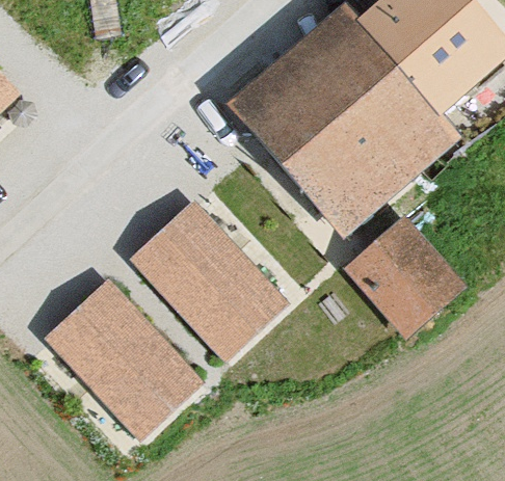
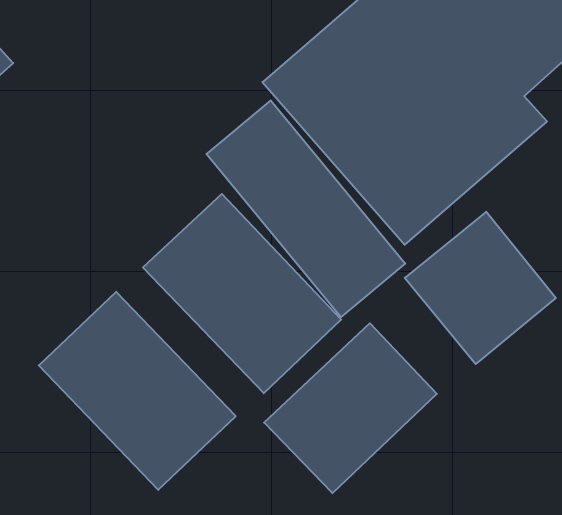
building: none -> [206,100,405,317]
building: none -> [264,323,437,493]

